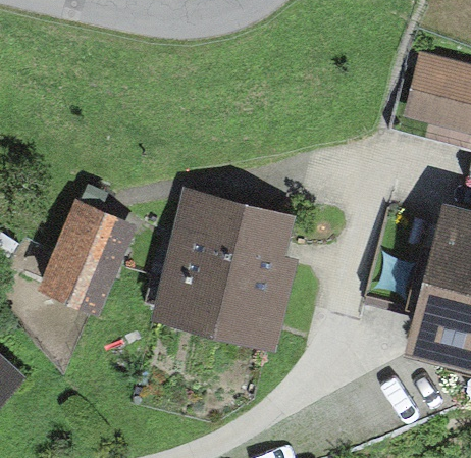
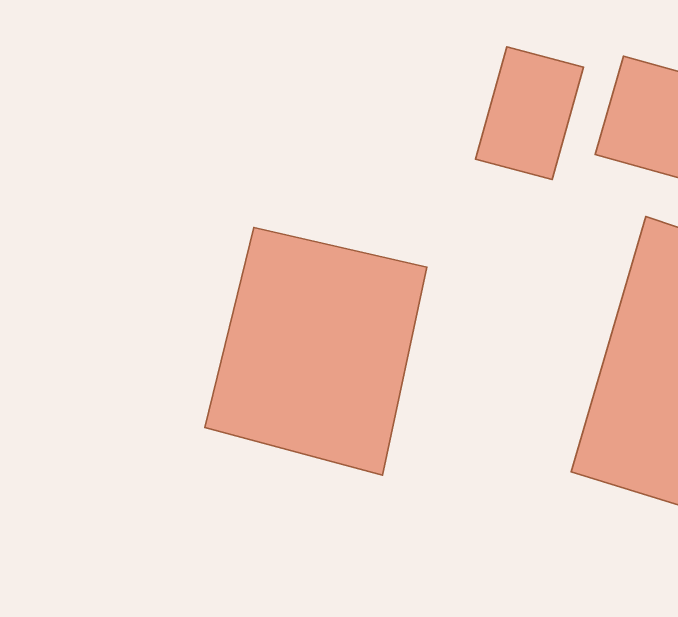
building: none -> [476,47,583,179]
building: [40,209,139,323] -> none

